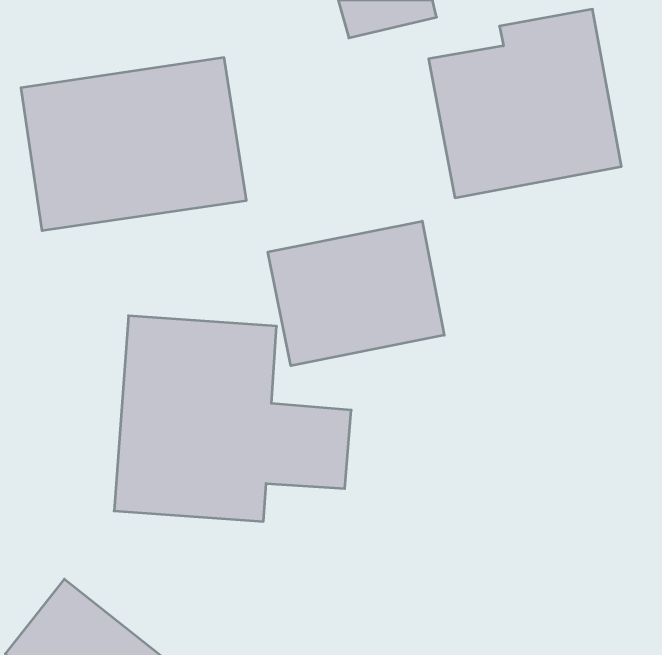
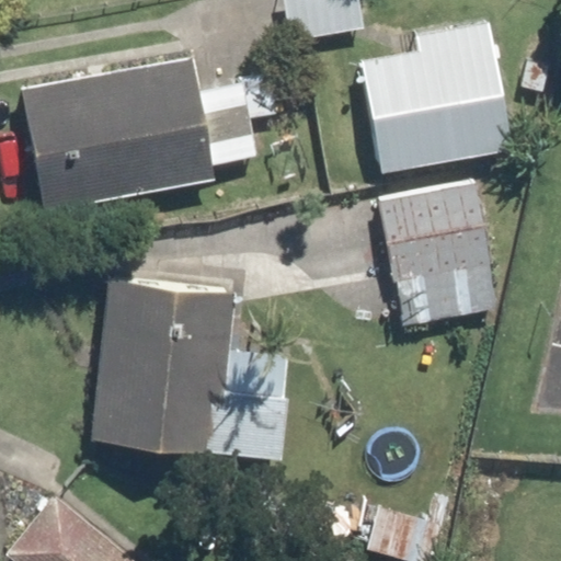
building: none -> [373,183,504,330]
building: [268,221,444,366] -> none

